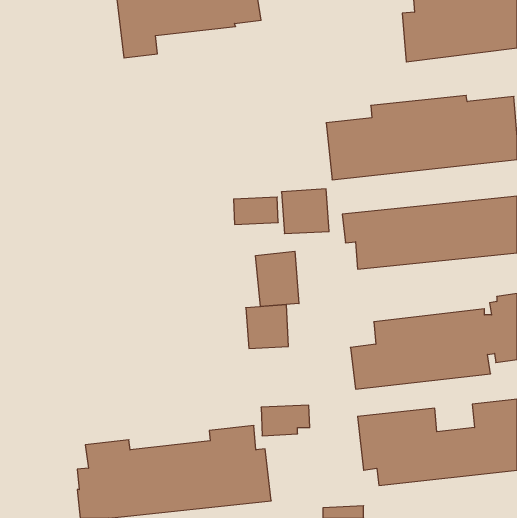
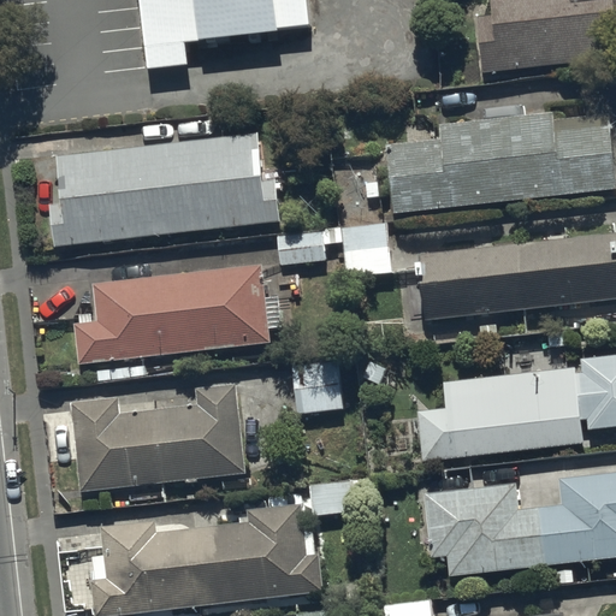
building: none -> [49,134,279,247]
building: none -> [73,267,268,365]
building: [256,251,299,307] -> none
building: none -> [70,384,244,491]

